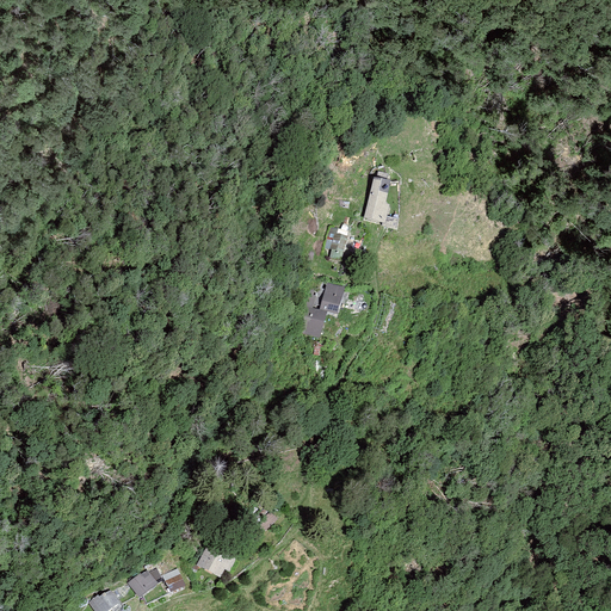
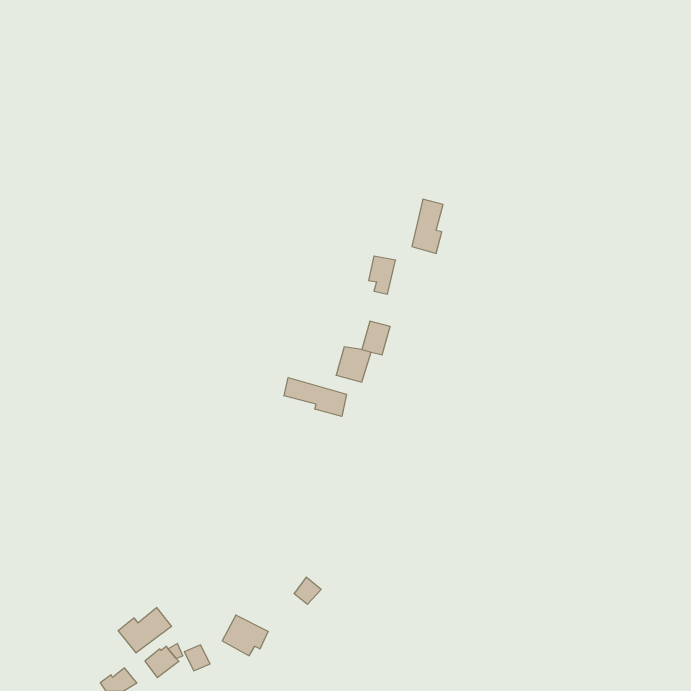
building: none -> [284,378,347,416]
building: none -> [118,608,172,653]

